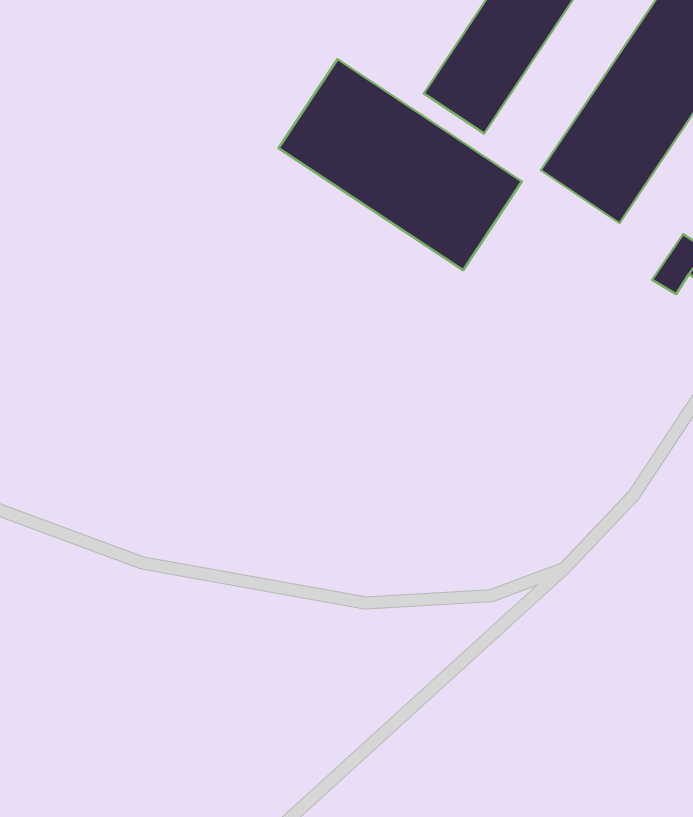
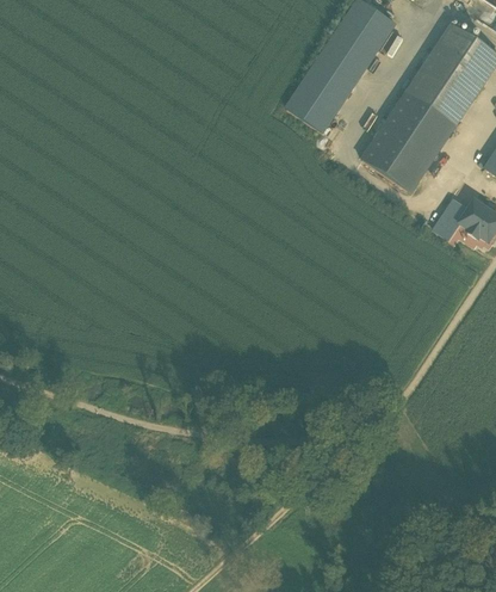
building: [279,59,522,270] -> none

